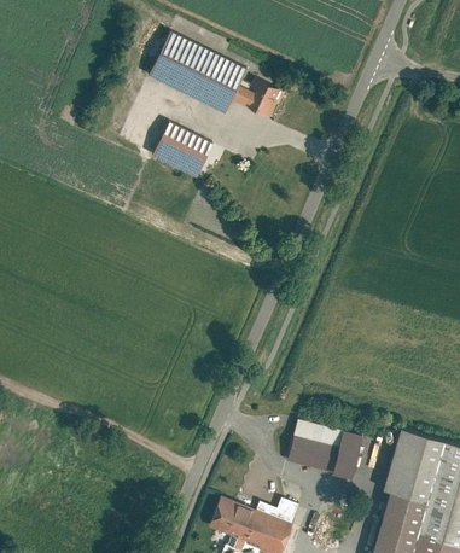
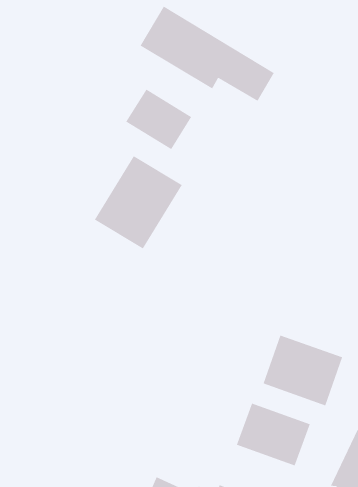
building: none -> [94,155,183,249]
building: none -> [263,334,343,406]

